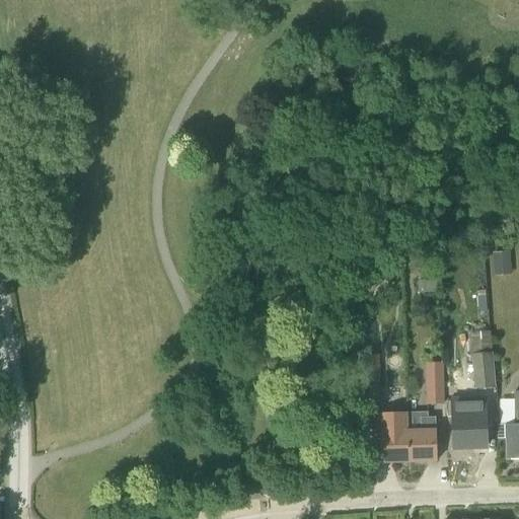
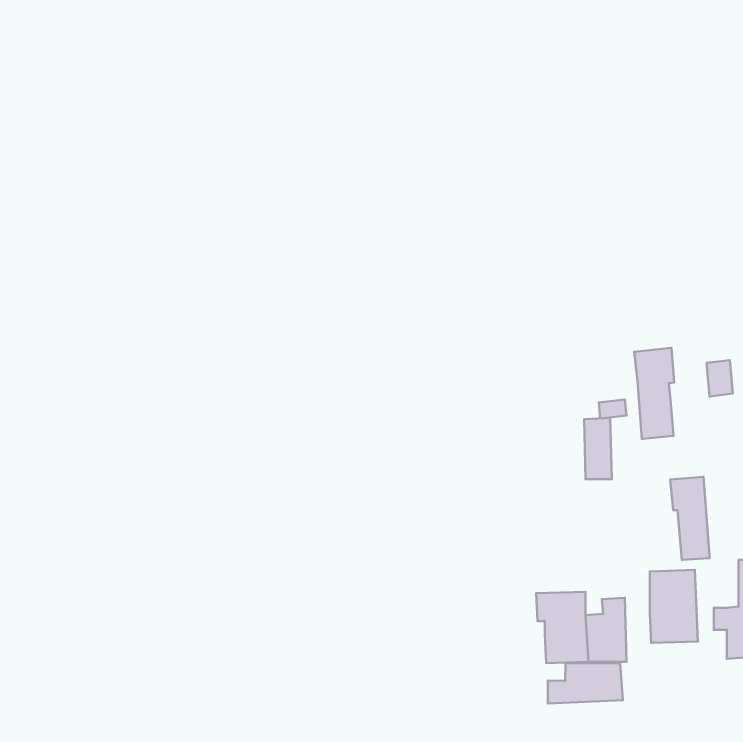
building: none -> [634,348,674,439]
building: [425,358,444,400] -> [584,418,612,479]
building: none -> [548,663,623,703]

